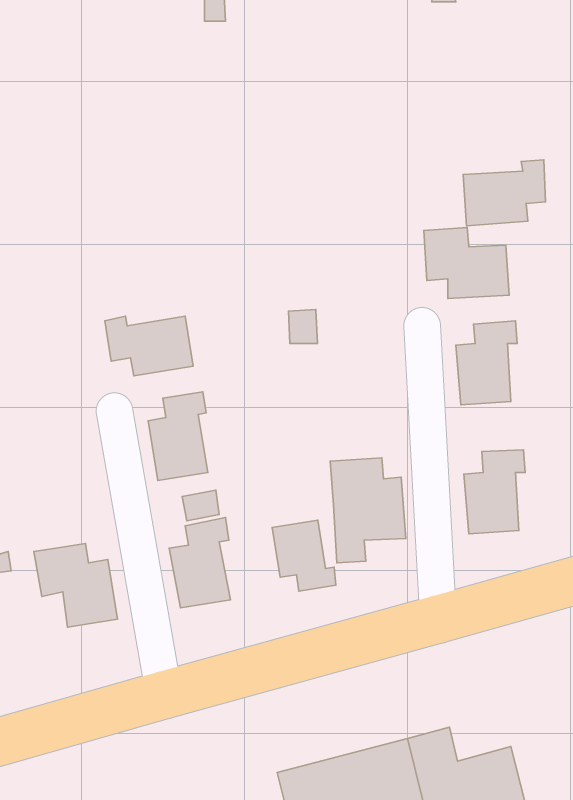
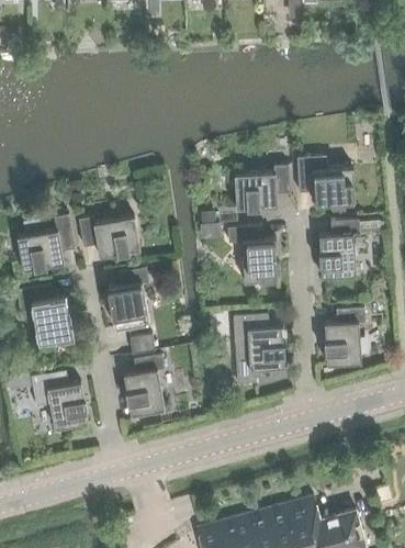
building: [463,160,545,226] -> [234,165,290,210]
building: none -> [16,214,75,270]
building: none -> [227,226,279,282]
building: none -> [16,284,72,343]
building: [272,520,336,591] -> none

